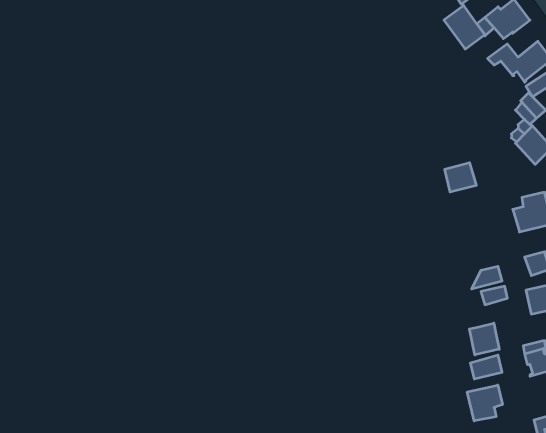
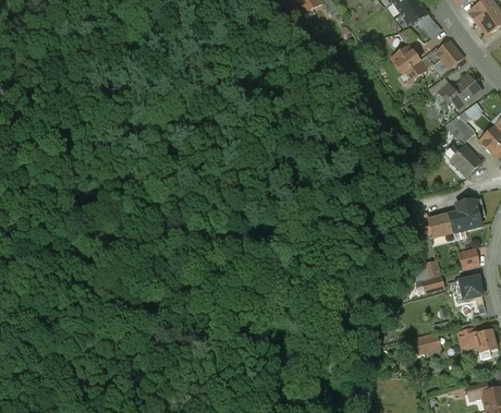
building: [445,163,476,192] -> [427,212,453,236]
building: [469,323,499,355] -> none
building: [467,385,502,421] -> none

